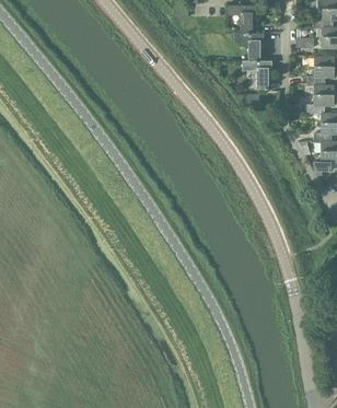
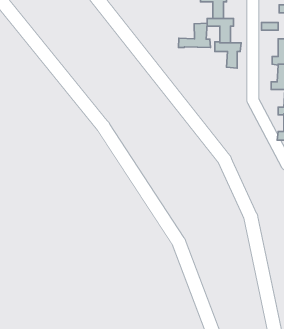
building: none -> [178,23,210,48]

